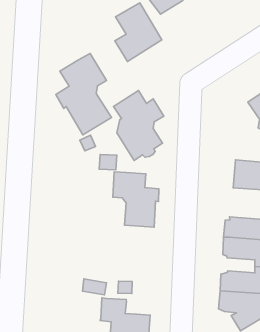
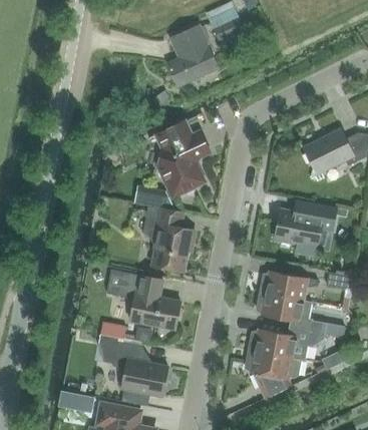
building: [56,53,111,135] -> none
building: none -> [107,269,181,329]

